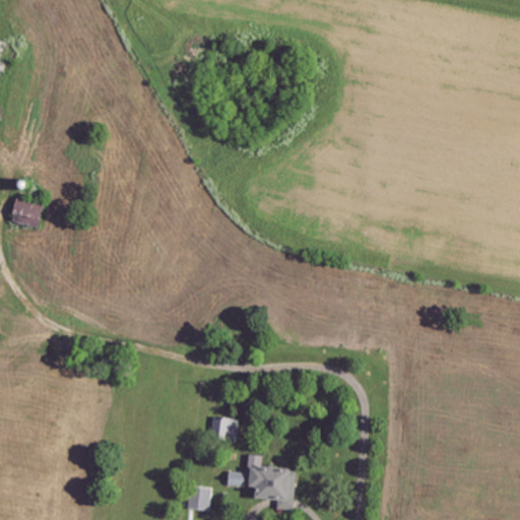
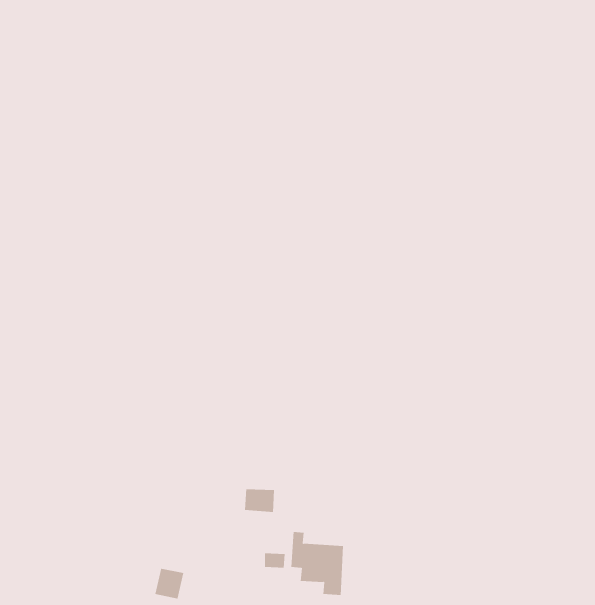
building: [11,200,44,229] -> none
building: [185,484,210,511] -> [155,568,184,599]

